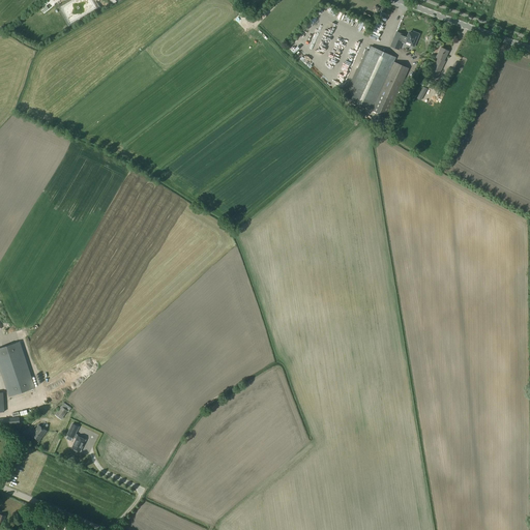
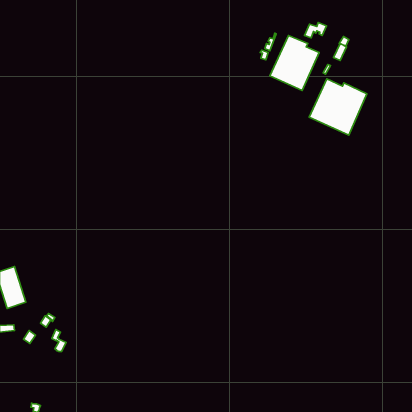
building: none -> [309,79,367,135]

